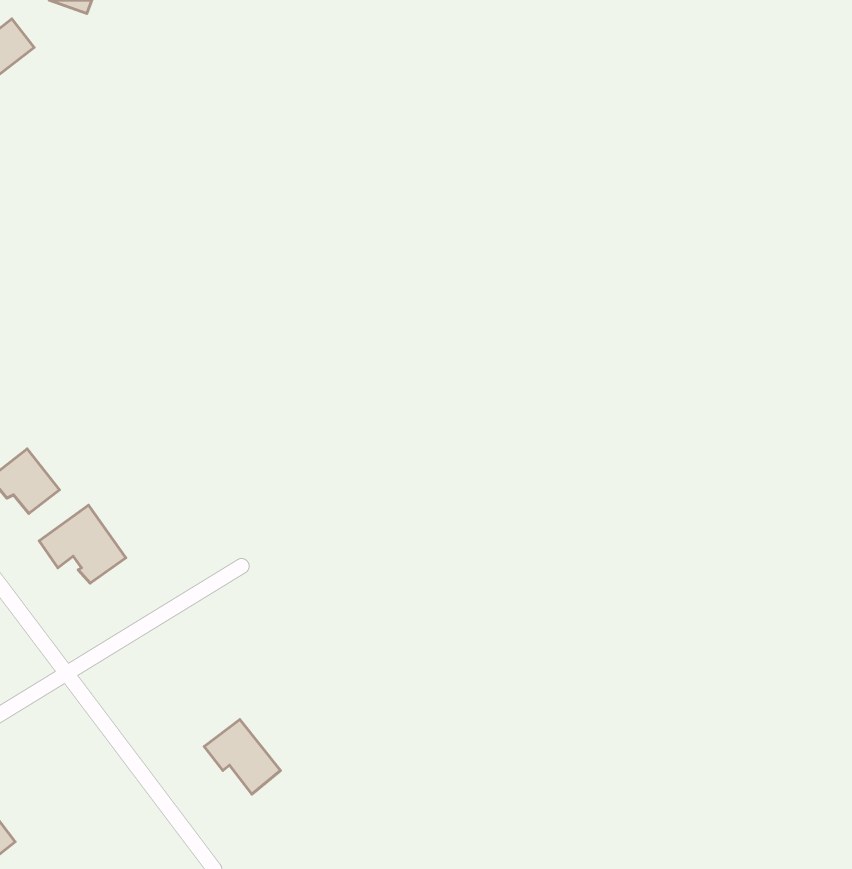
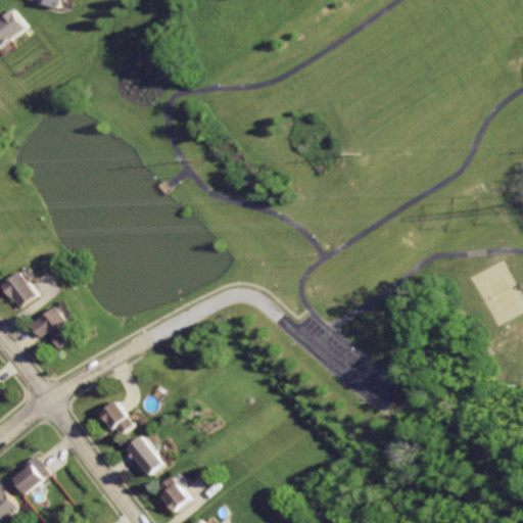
building: none -> [100,399,137,434]
building: none -> [6,455,45,495]
building: none -> [157,477,189,512]

